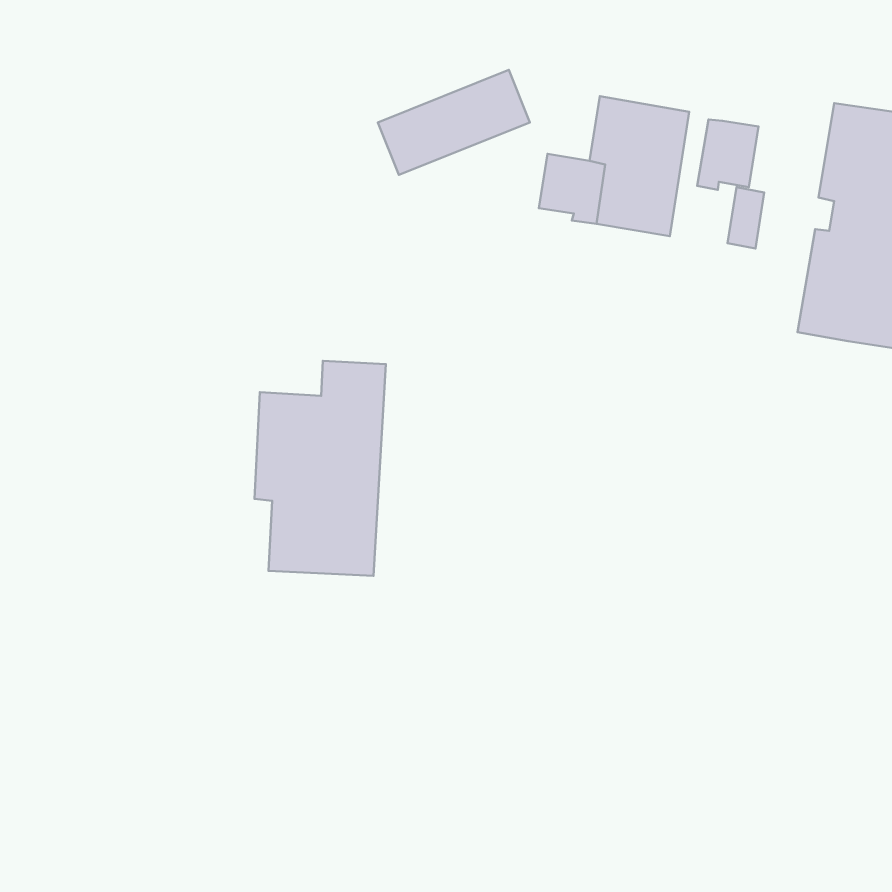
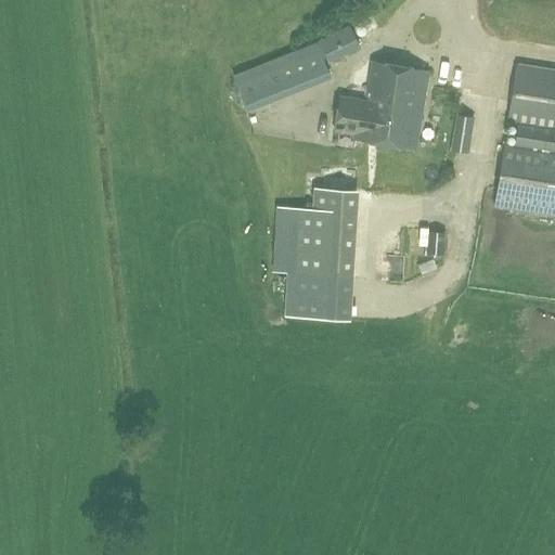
building: none -> [320,27,359,60]
building: [697,120,759,190] -> none
building: [255,361,386,576] -> [273,188,354,321]

